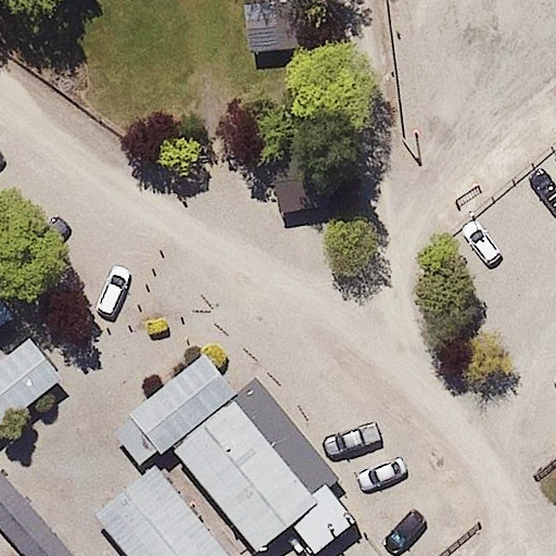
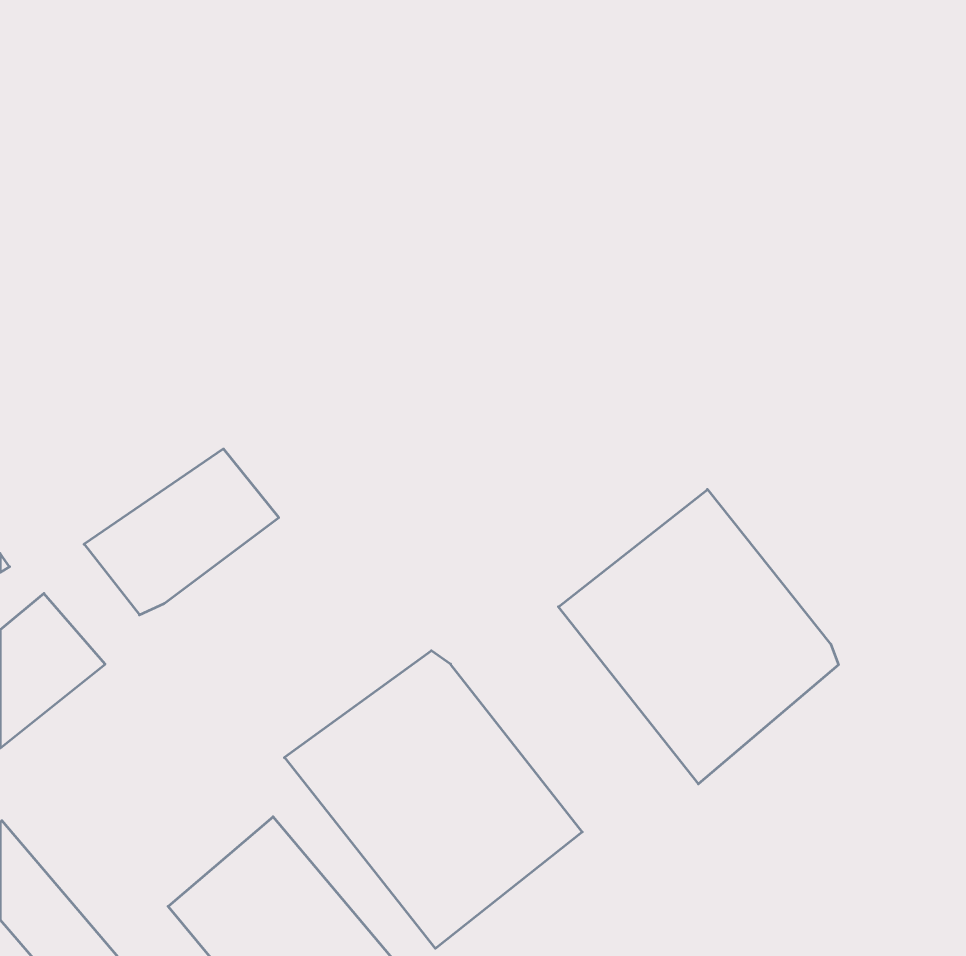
building: none -> [558,489,838,784]
building: [122,354,232,448] -> [84,449,279,615]

